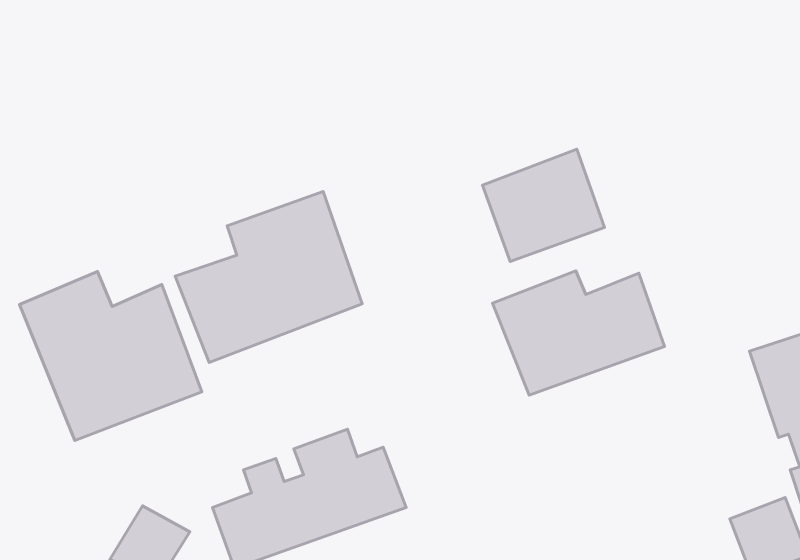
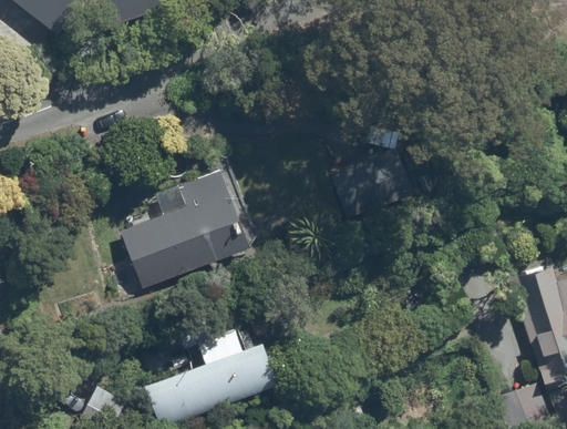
building: [493,271,664,395] -> none
building: [20,271,202,441] -> none

